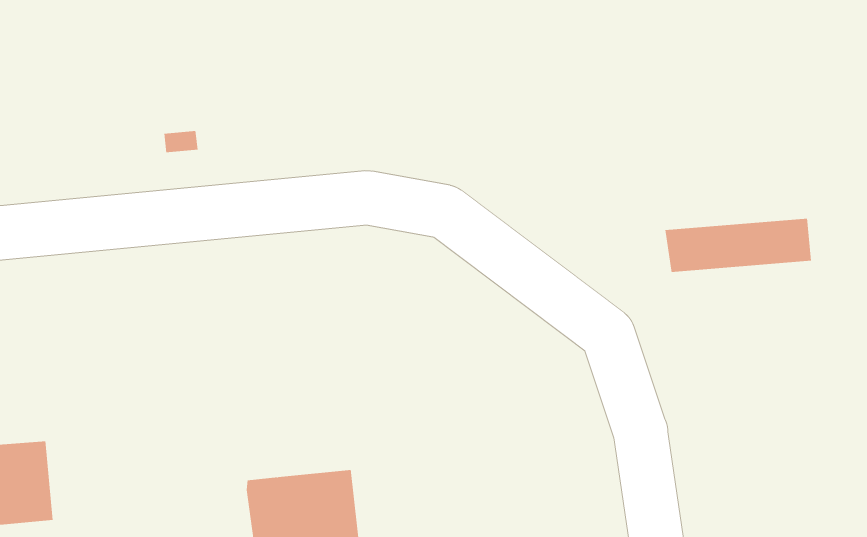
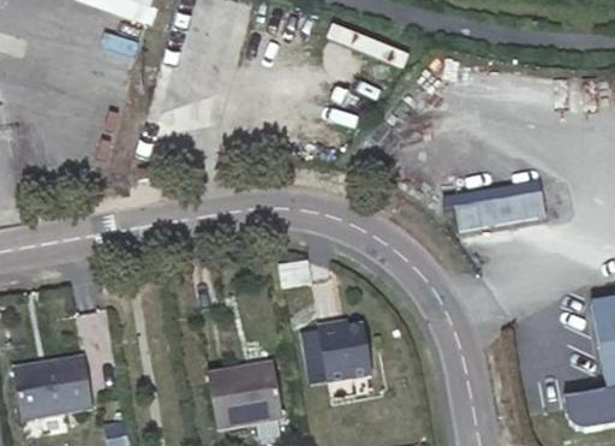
building: none -> [316,322,369,381]

